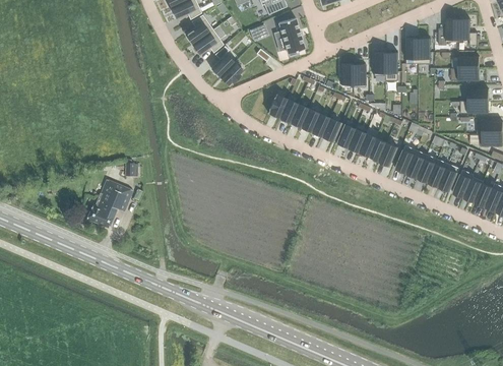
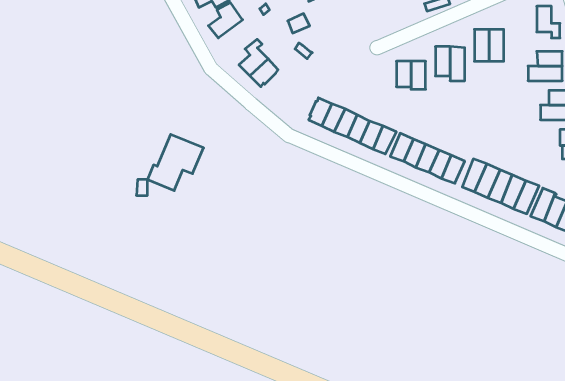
building: [273,18,304,56] -> none
building: [438,18,458,45] -> none
building: [192,29,223,55] -> none
building: [86,180,133,227] -> [147,134,204,191]

